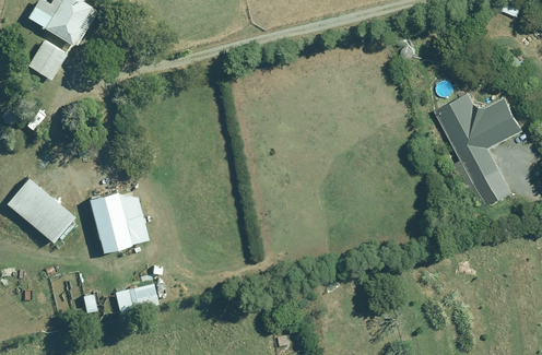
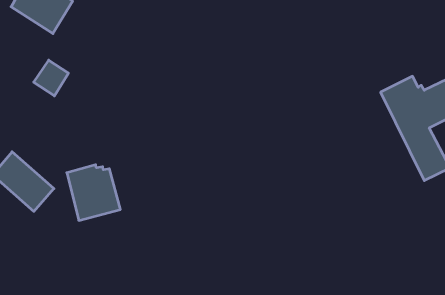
building: [26,39,64,79] -> [34,60,68,96]
building: [114,282,156,311] -> none

